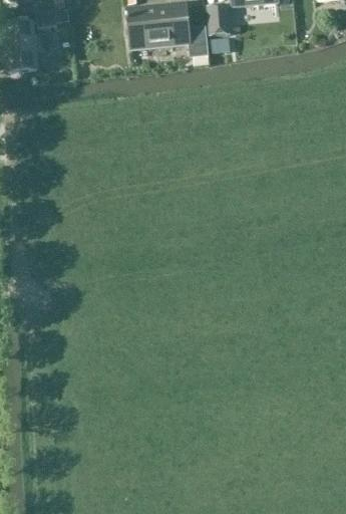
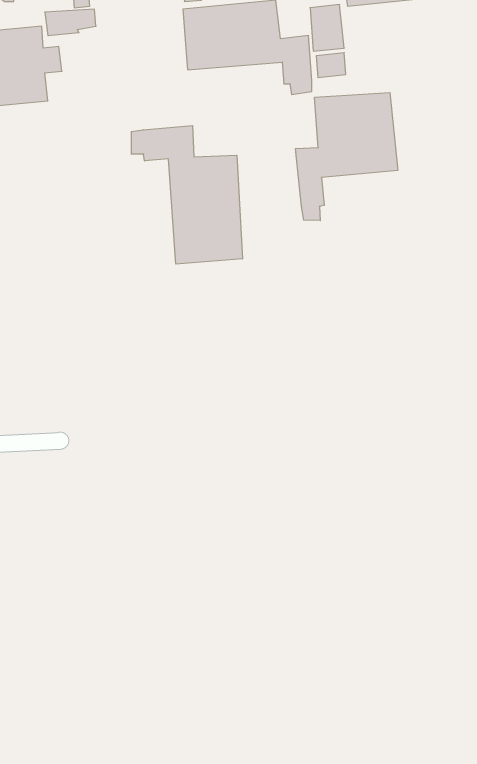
building: none -> [296,93,398,221]
building: none -> [131,126,242,264]

